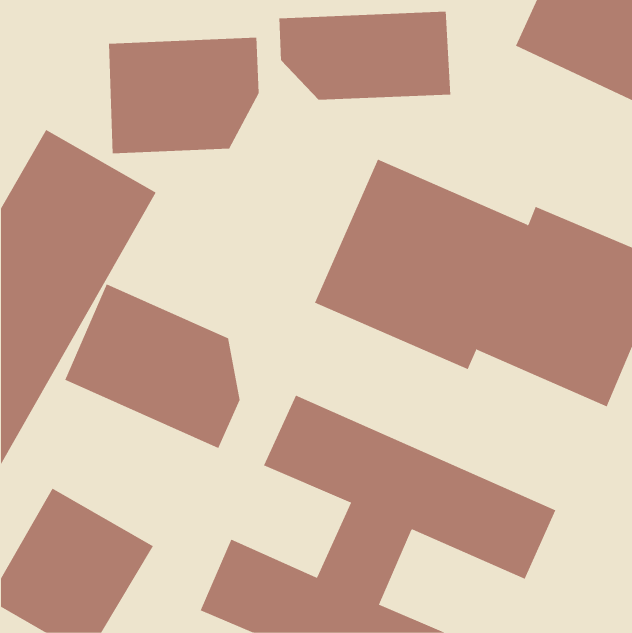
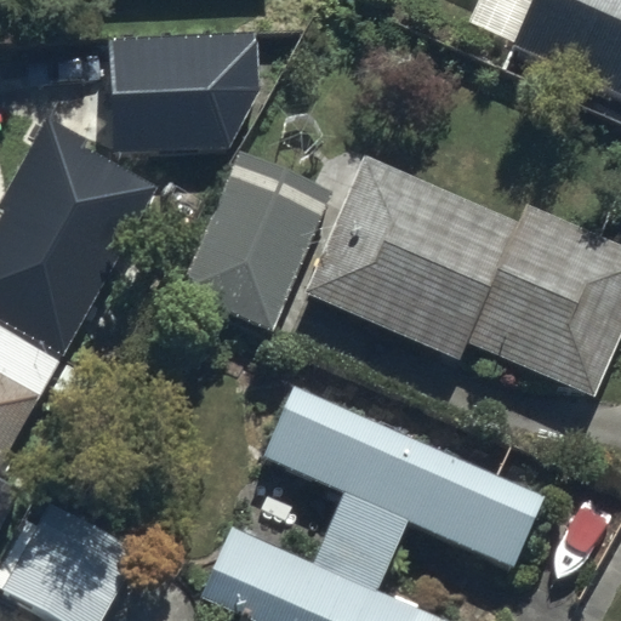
building: [279,11,451,101] -> none
building: none -> [177,147,332,334]
building: [64,283,240,449] -> none

